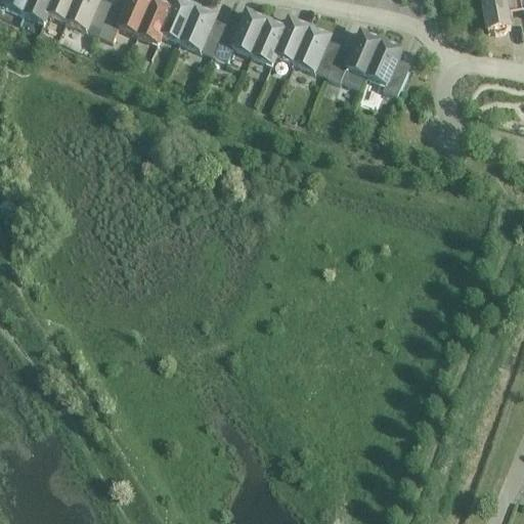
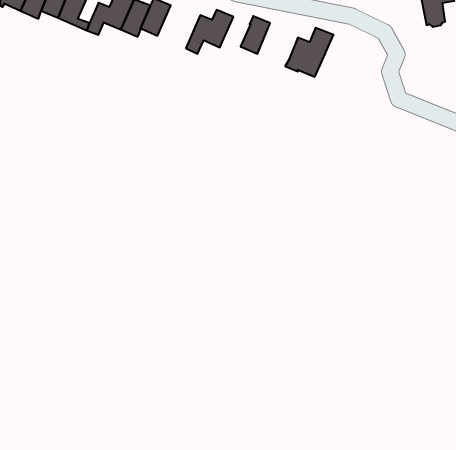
building: [181,6,225,55] -> none
building: [253,19,288,62] -> none
building: [296,27,332,76] -> none
building: [367,40,409,95] -> none

